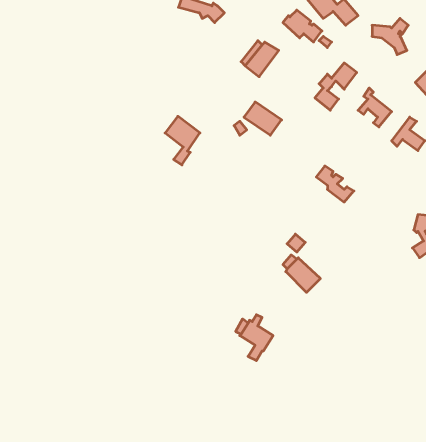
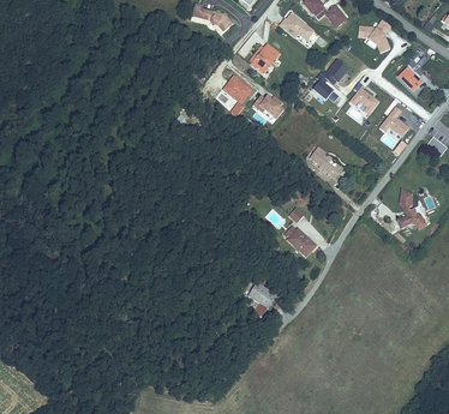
building: [165,116,200,165] -> [222,76,252,118]

